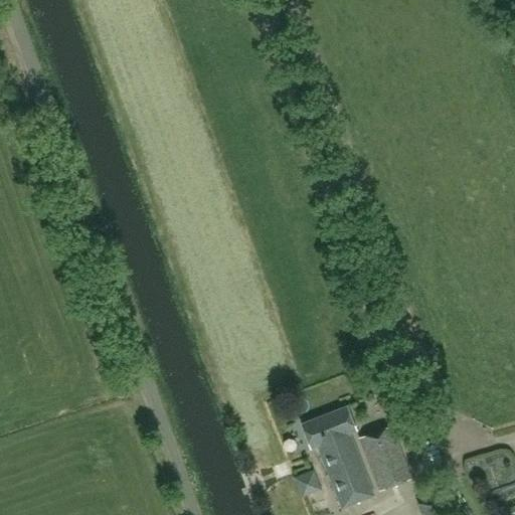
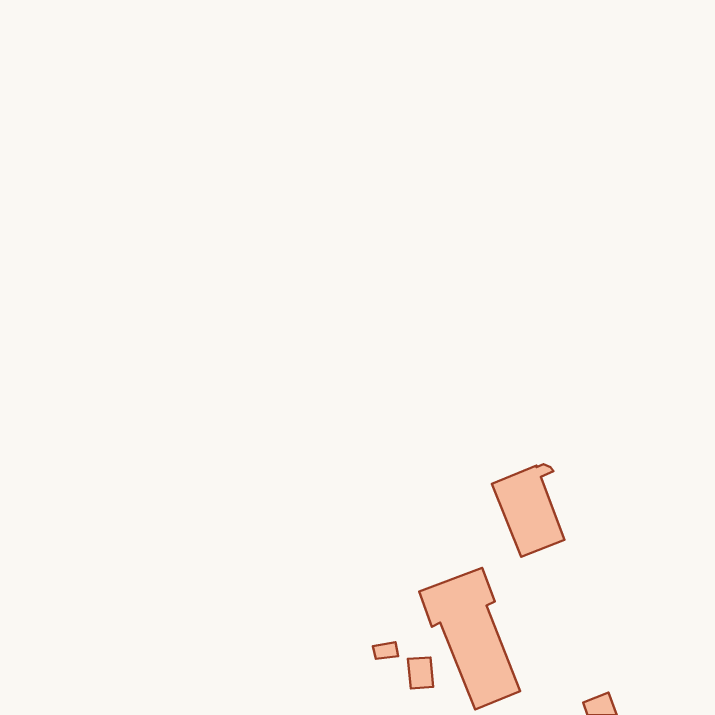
building: [360,424,412,491] -> [492,464,565,557]

